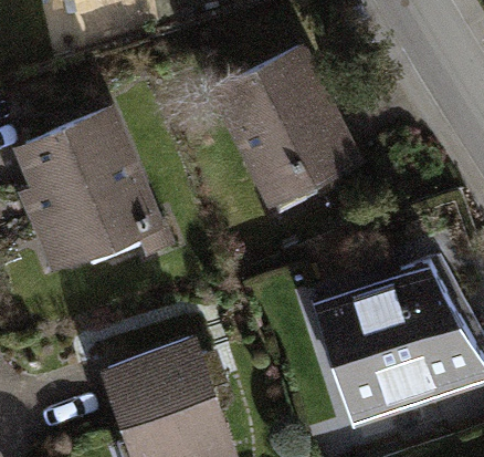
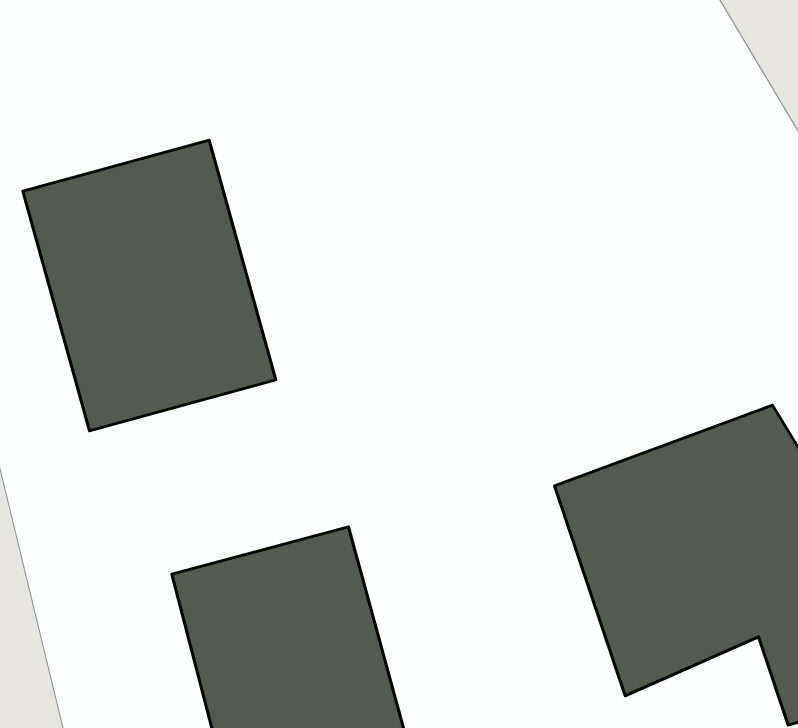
building: [210,48,362,201] -> none

